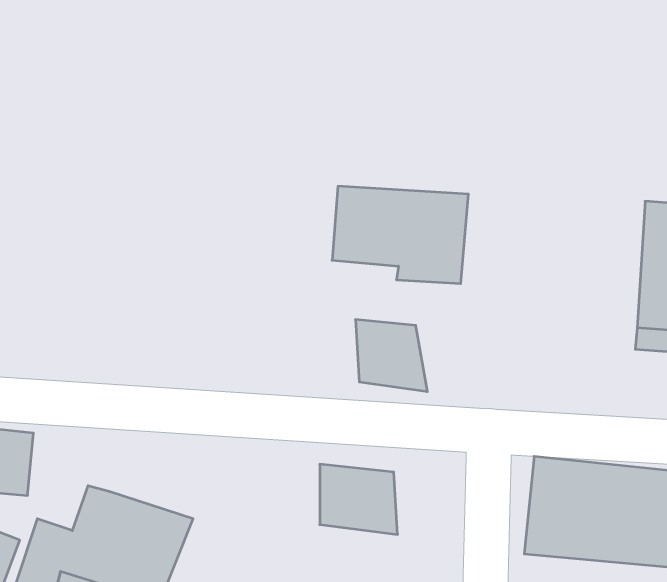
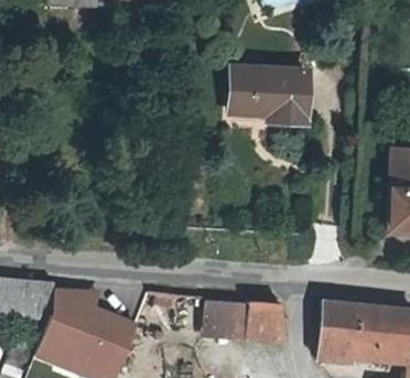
building: [332,186,468,284] -> [234,68,311,123]
building: [355,320,427,392] -> [247,303,288,344]
building: none -> [45,288,94,336]

